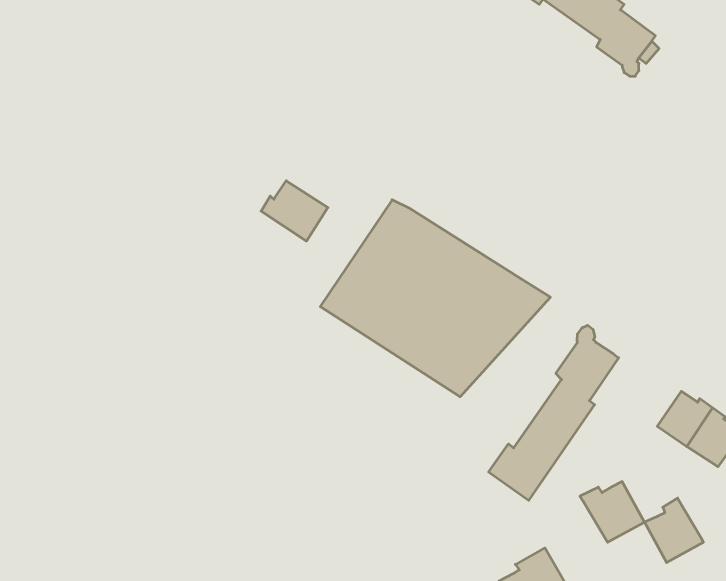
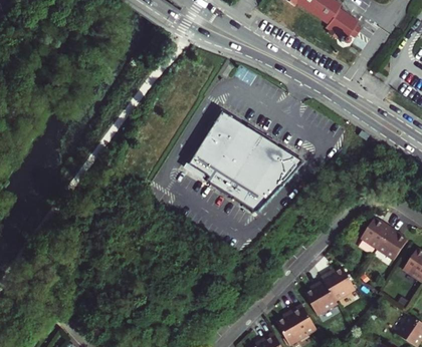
building: [261,181,328,241] -> none
building: [489,325,619,500] -> none
building: [644,498,703,563] -> [305,277,338,312]

